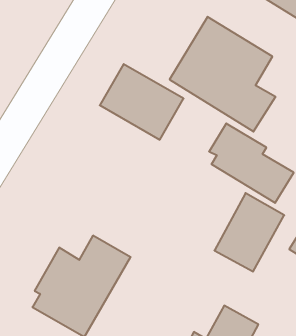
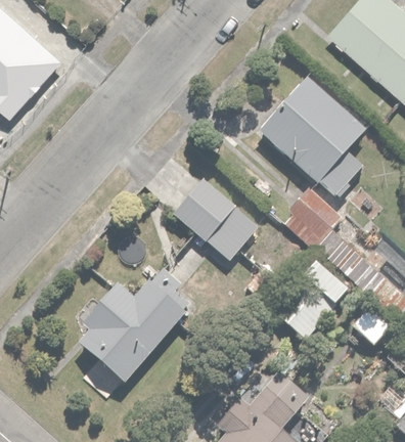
building: [100,64,184,140] -> [173,177,260,261]

